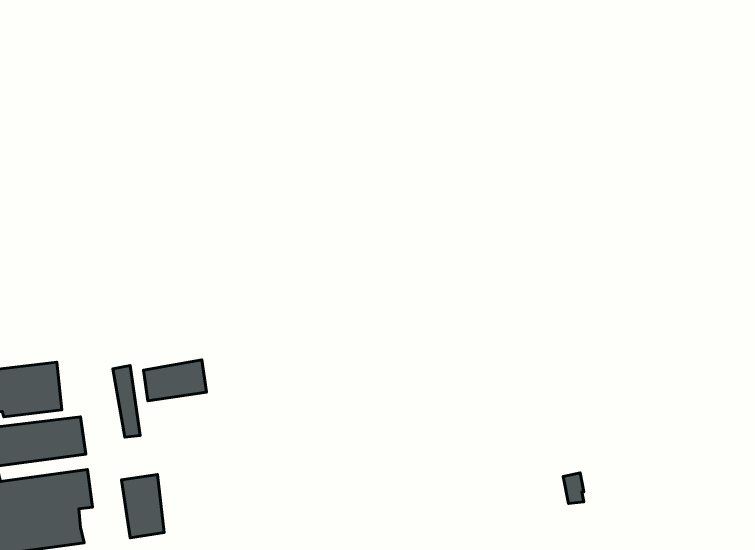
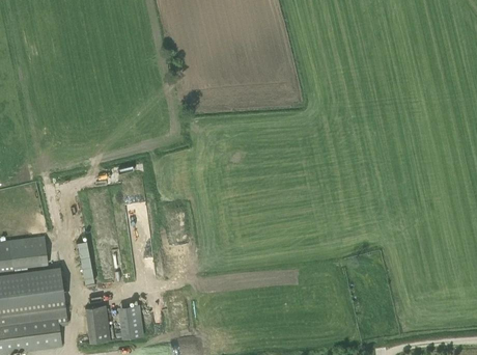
building: [144,360,207,401] -> none
building: none -> [119,304,144,339]

